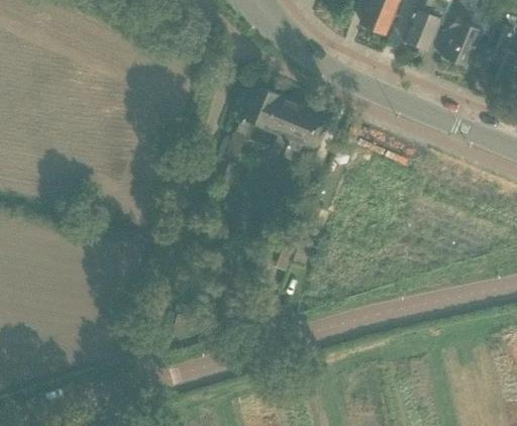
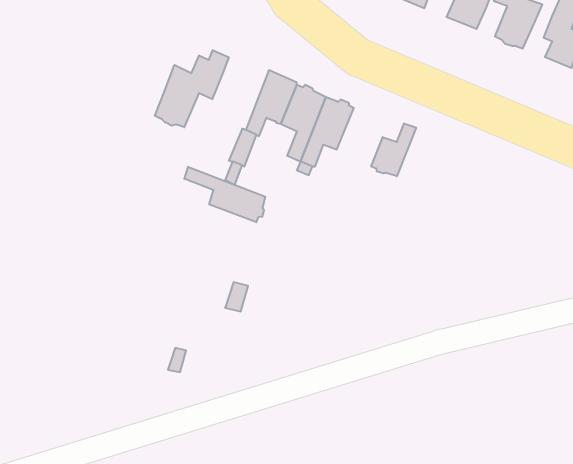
building: none -> [155,50,229,127]
building: none -> [371,123,416,176]
building: none -> [184,167,265,222]

